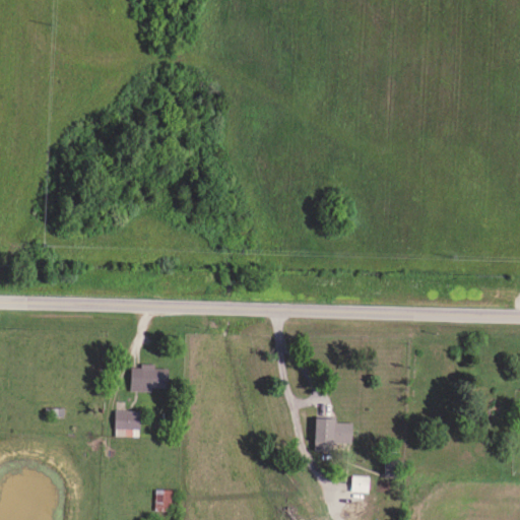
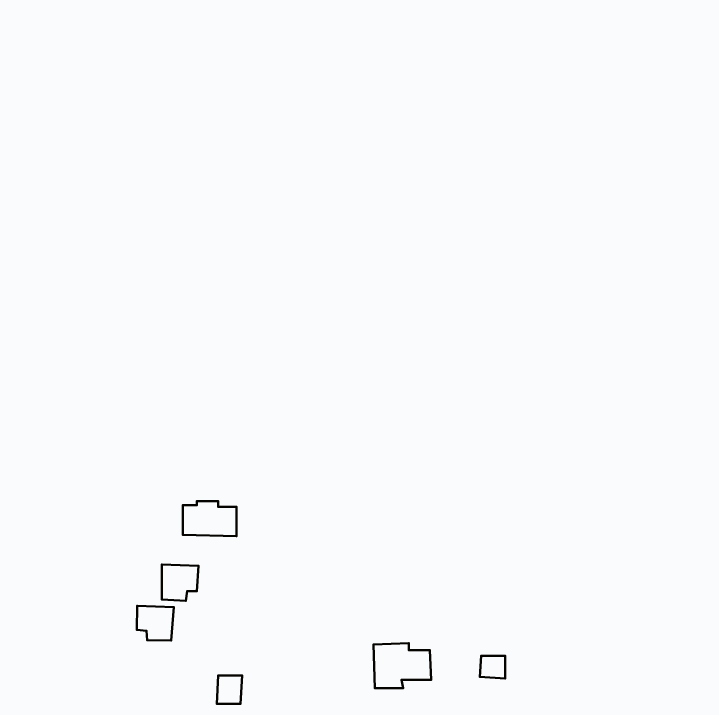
building: [308,417,349,450] -> [374,643,431,688]
building: none -> [137,606,174,641]

